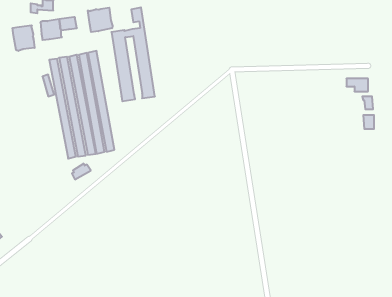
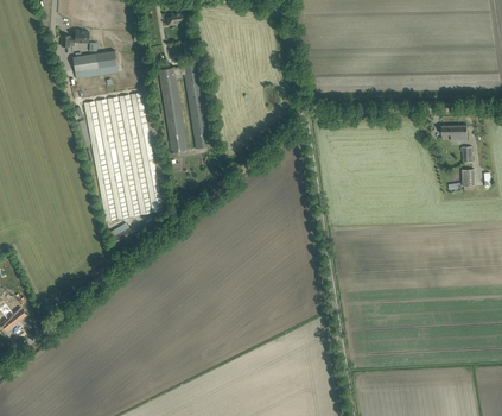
building: [88,8,113,32] -> none
building: [13,25,35,51] -> none

